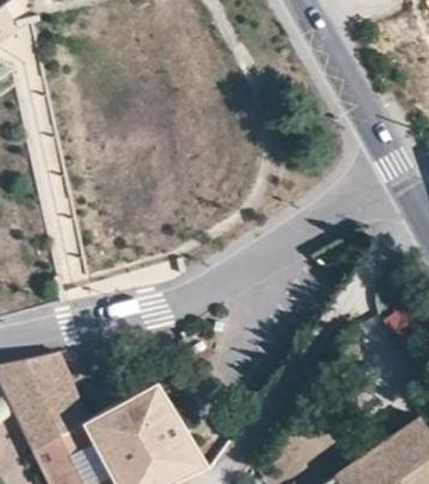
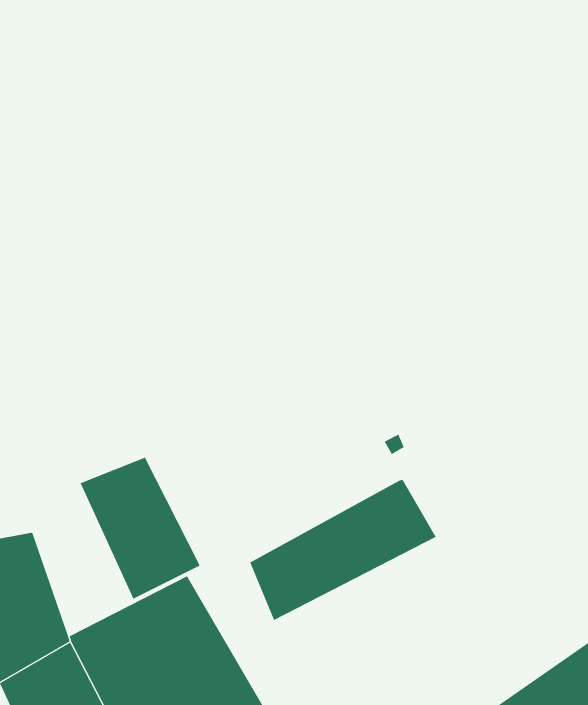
building: none -> [80,457,200,599]
building: none -> [250,479,436,621]

